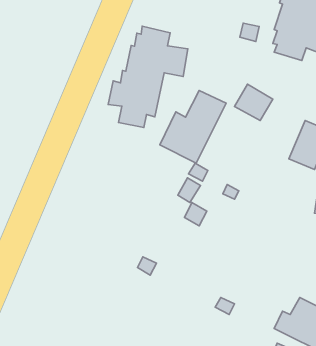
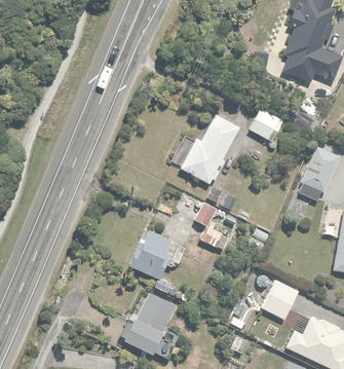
building: [108,26,188,127] -> none
building: none -> [127,228,185,278]
building: none -> [261,279,299,320]
building: none -> [114,292,177,358]

